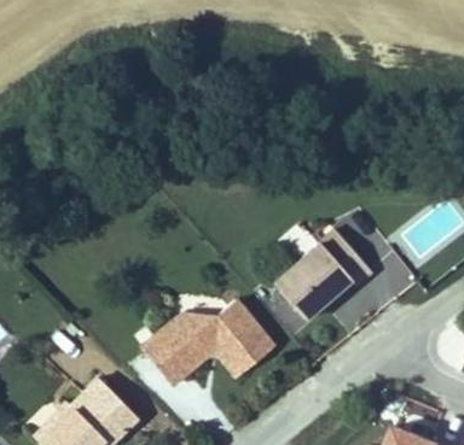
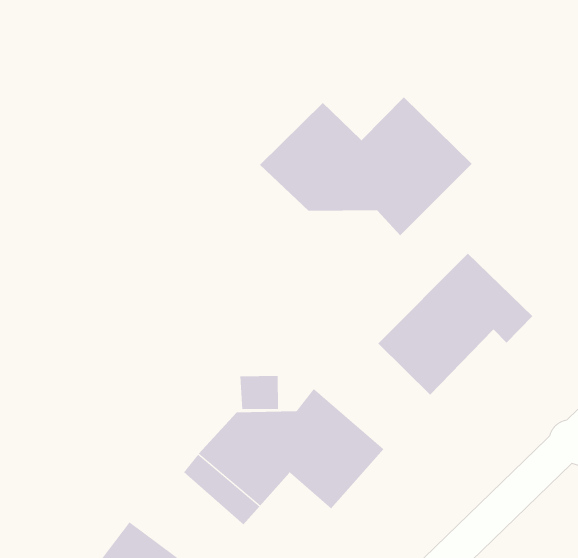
building: none -> [259,96,473,236]

